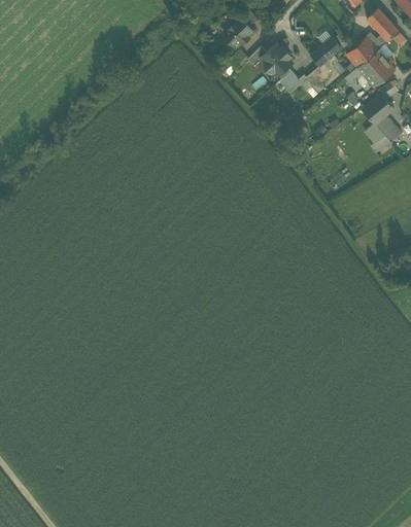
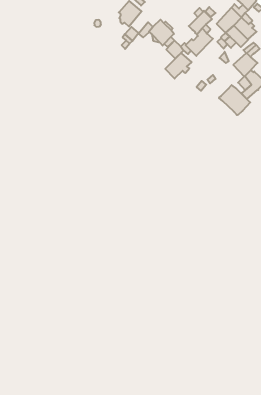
building: none -> [165,52,192,79]
building: none -> [219,85,250,115]

